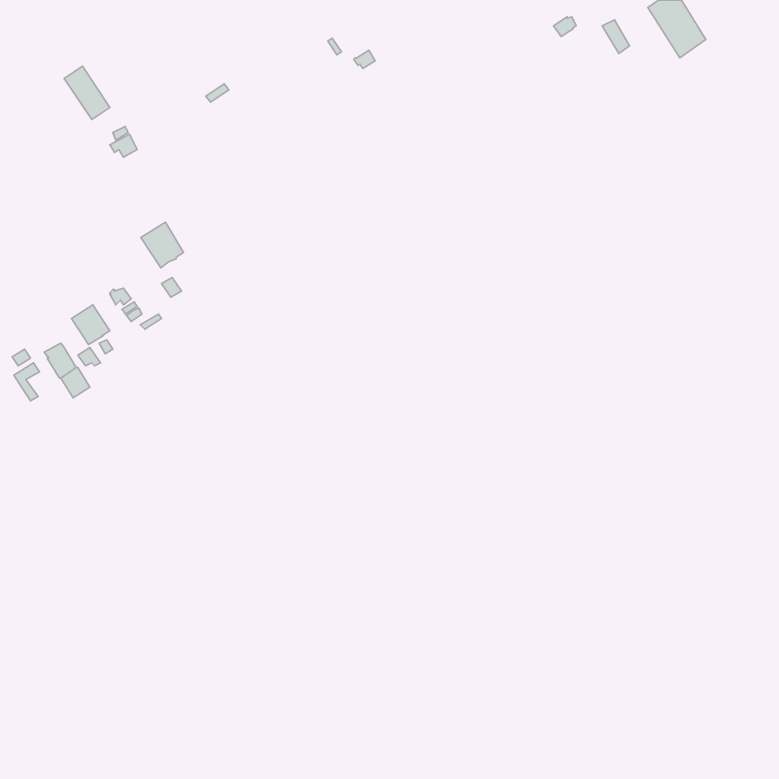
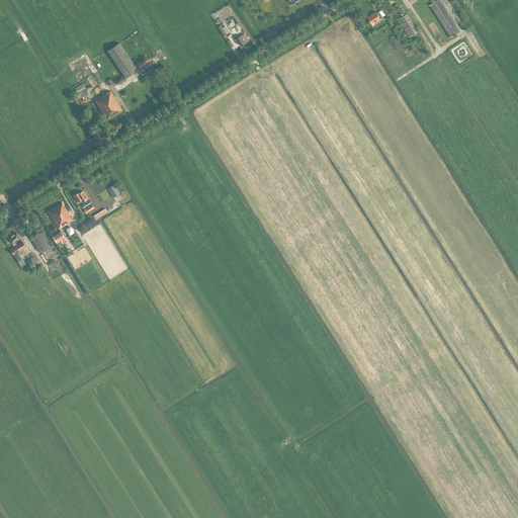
building: [64,66,110,120] -> [107,42,138,78]
building: [141,222,184,268] -> [94,90,122,120]

